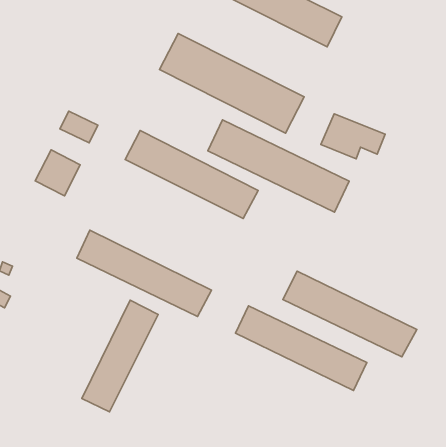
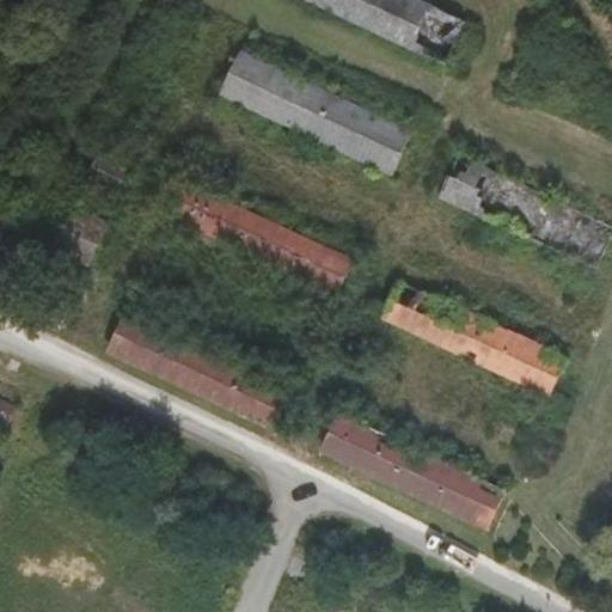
building: [208,120,349,212] -> none
building: [283,271,417,357] -> [384,279,565,394]
building: [82,300,158,412] -> none

